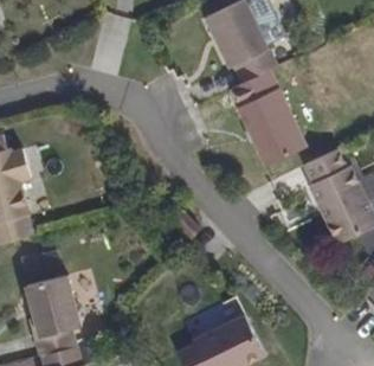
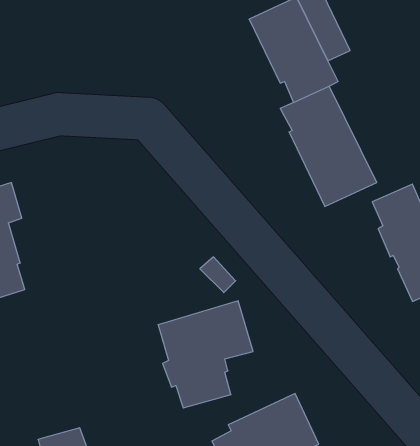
building: [22,268,98,353] -> [158,301,253,408]

